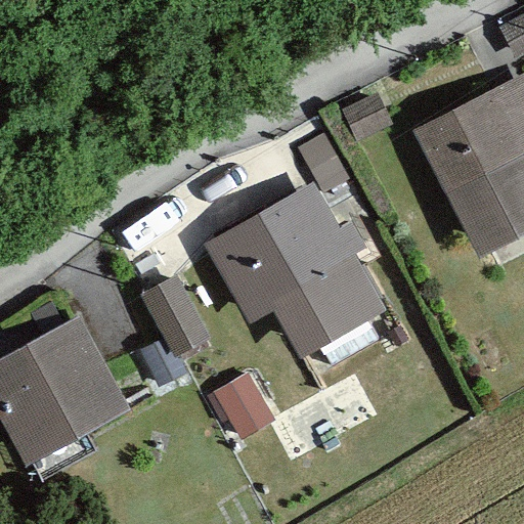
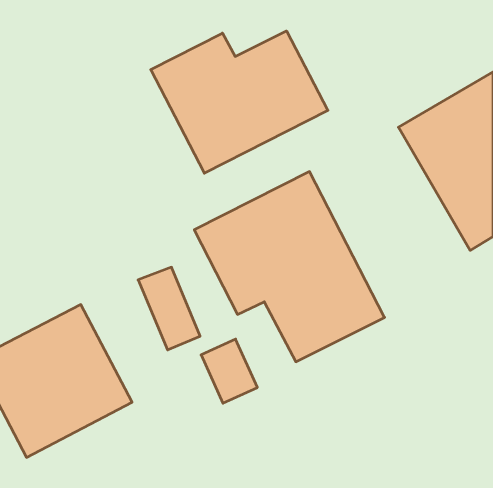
building: none -> [151,31,328,173]

